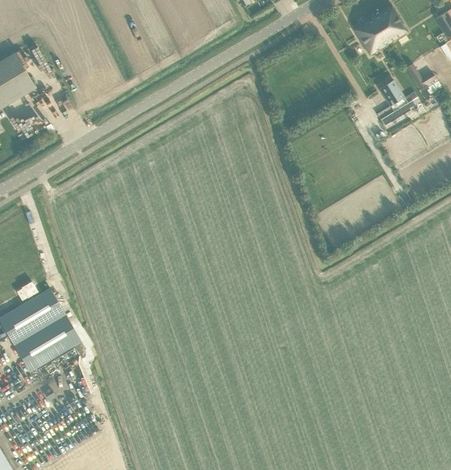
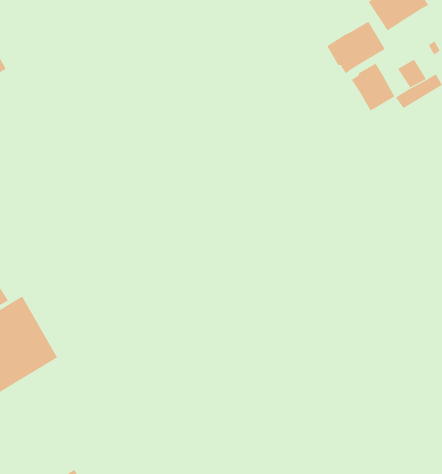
building: none -> [326,21,386,74]
building: none -> [351,63,395,111]

